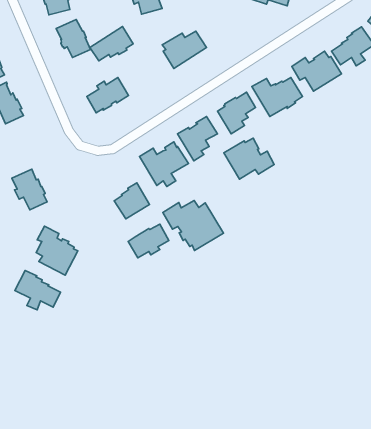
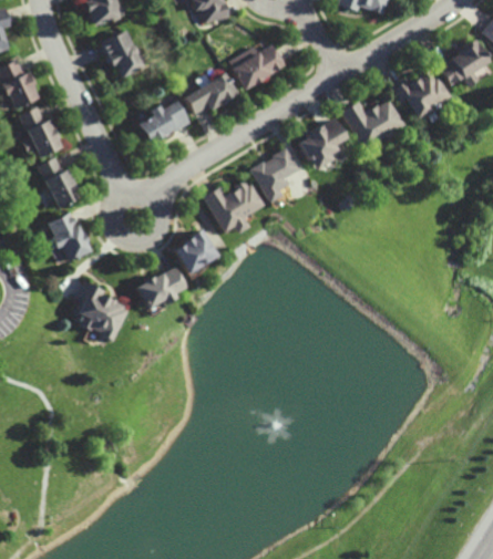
building: [90,26,133,61] -> [185,72,238,114]
building: none -> [40,157,82,208]
building: [224,138,274,179] -> none
building: [163,200,223,250] -> none
building: [128,224,169,258] -> [136,268,186,309]
building: [15,271,60,310] -> none

